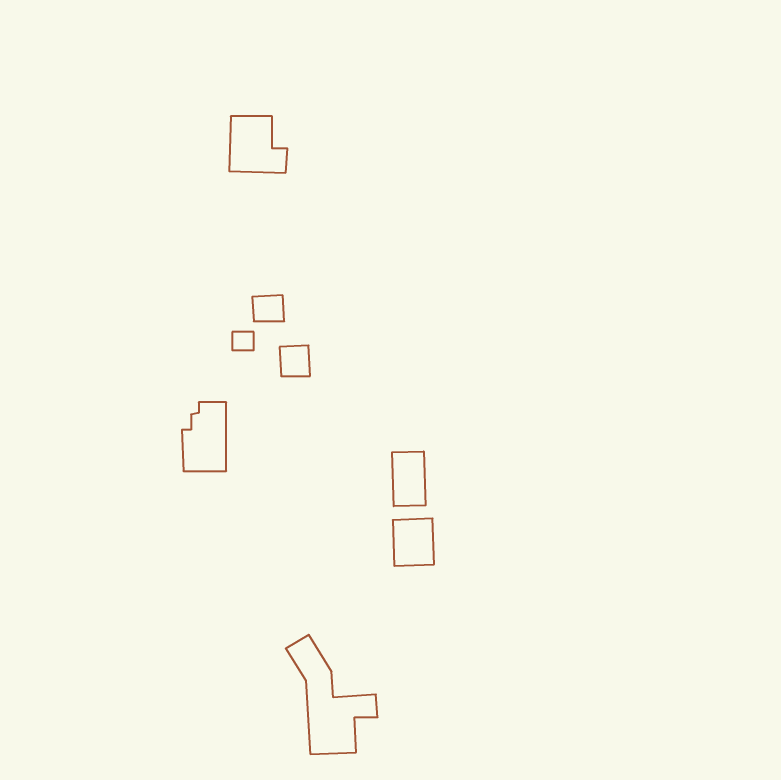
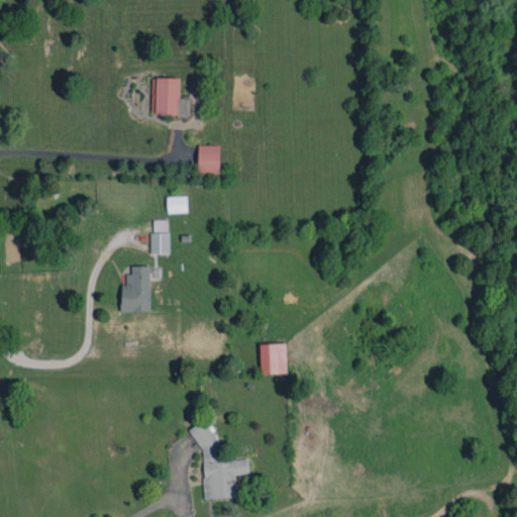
building: none -> [198,145,220,174]
building: [280,345,310,376] -> [149,233,170,253]
building: [392,451,426,506] -> none

